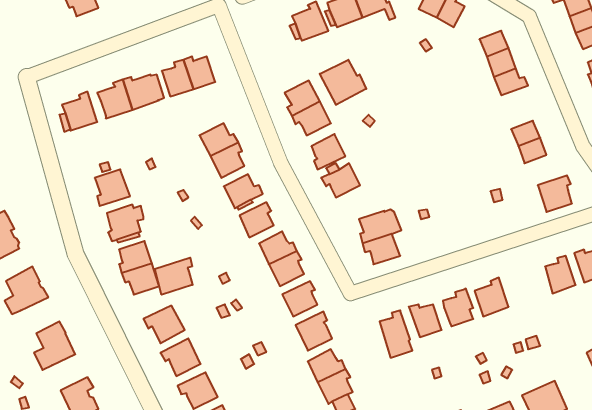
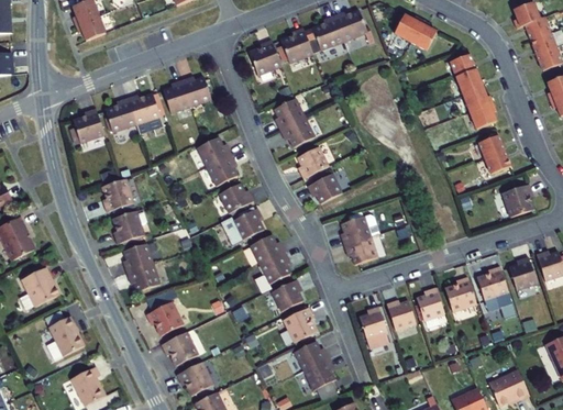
building: none -> [250,38,282,75]
building: [320,60,366,105] -> none
building: none -> [470,102,496,129]
building: [155,258,193,295] -> none
building: none -> [477,266,511,311]

